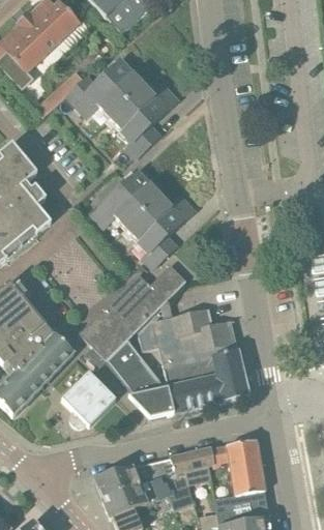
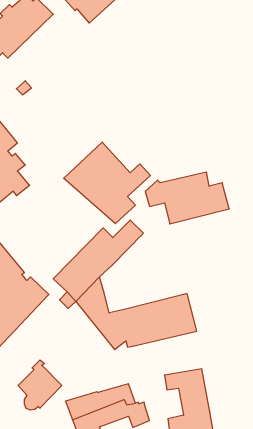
building: [65,60,177,156] -> none
building: [135,307,234,369] -> [145,172,229,224]
building: [63,366,115,425] -> [18,360,62,410]
building: [169,446,214,483] -> none

